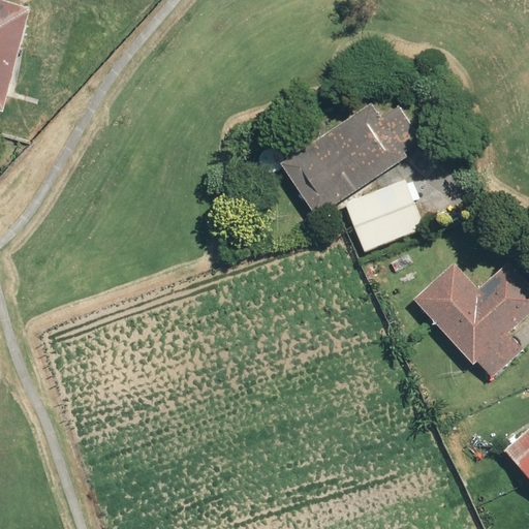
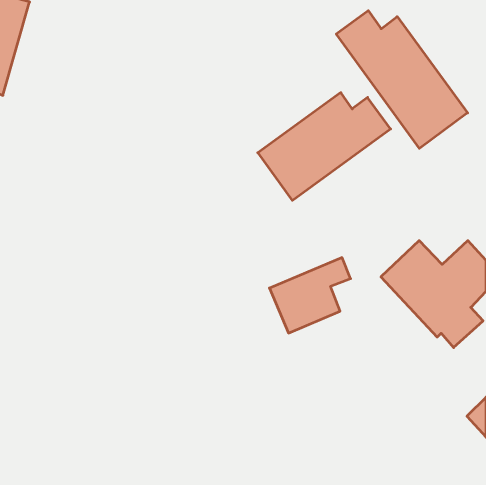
building: none -> [336,11,468,148]
building: [345,172,433,253] -> [269,258,351,333]

